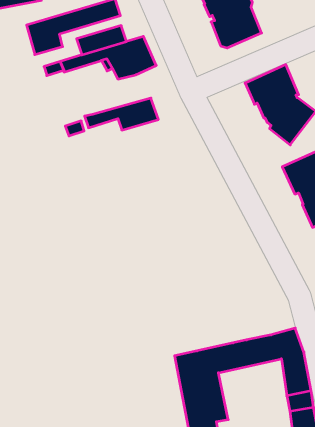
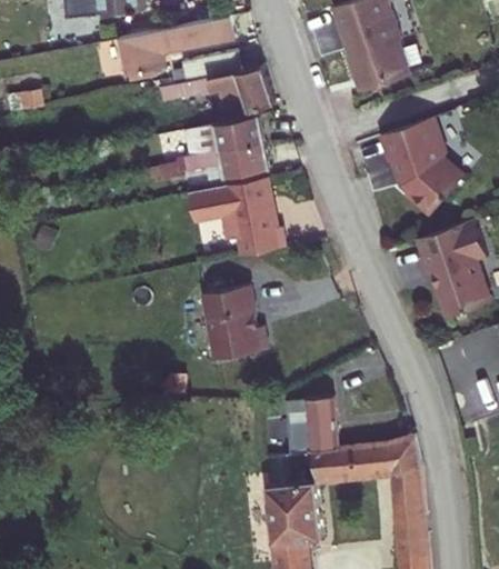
building: none -> [186,117,263,157]
building: none -> [192,178,289,256]
building: none -> [207,286,271,360]
building: none -> [282,398,336,455]

